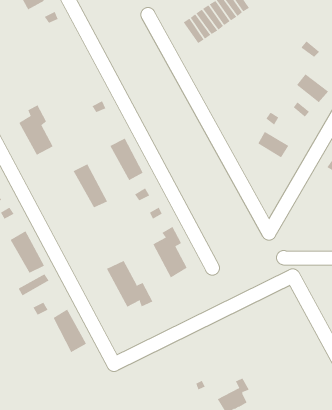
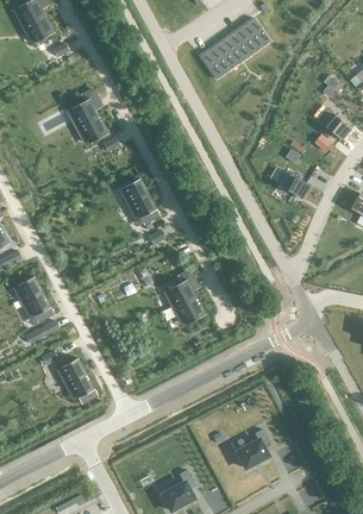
building: [18,105,54,156] -> [69,89,106,143]
building: [73,164,108,208] -> none
building: [106,260,153,307] -> none

